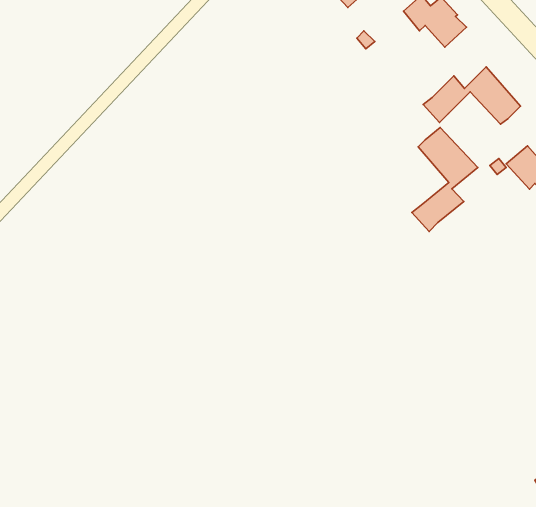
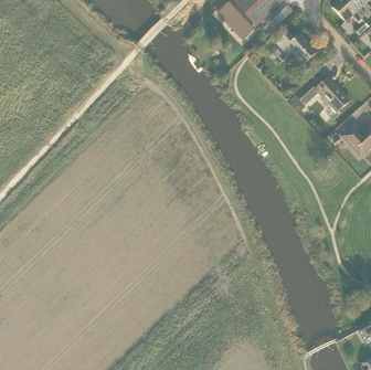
building: [412,127,478,231] -> none

